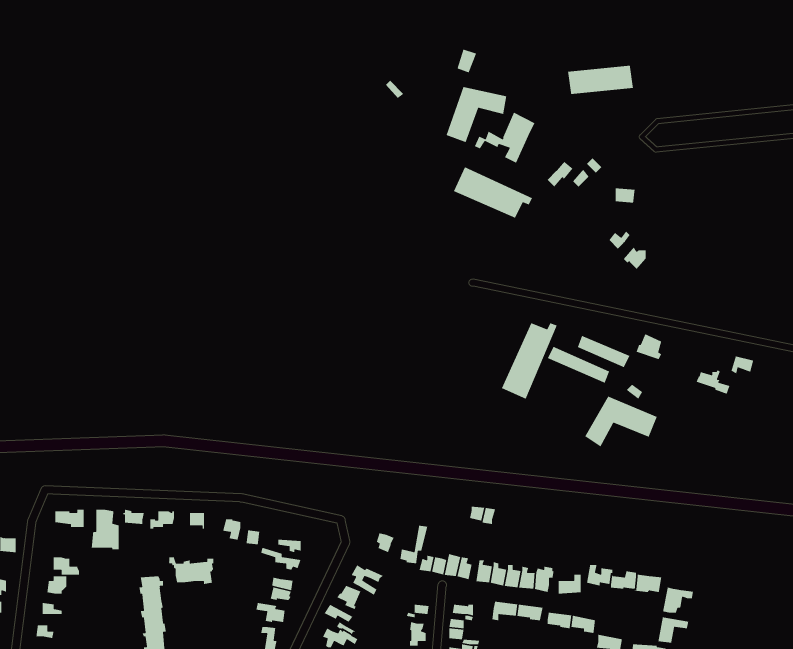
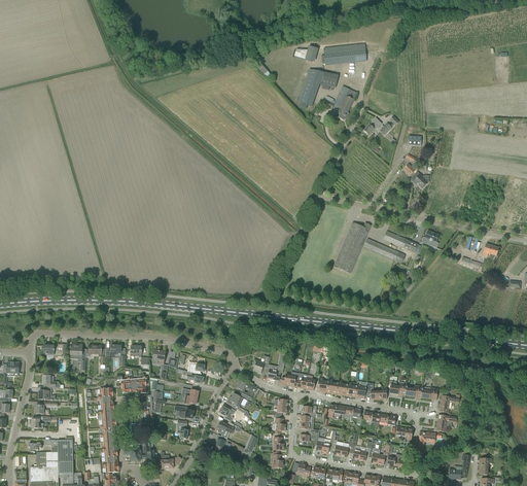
building: [567,65,634,95] -> [322,45,365,65]
building: [453,166,533,219] -> none
building: [584,396,658,447] -> none

